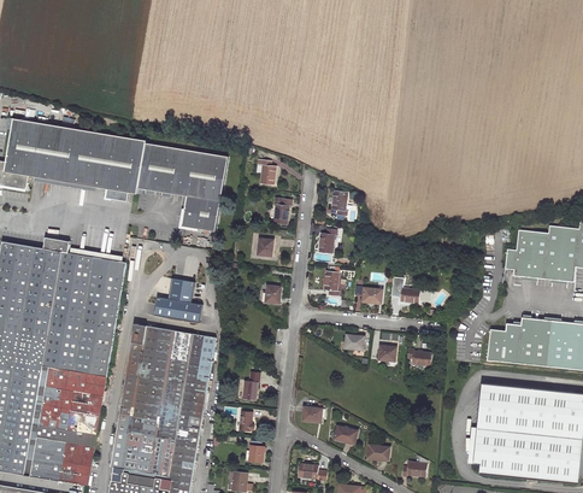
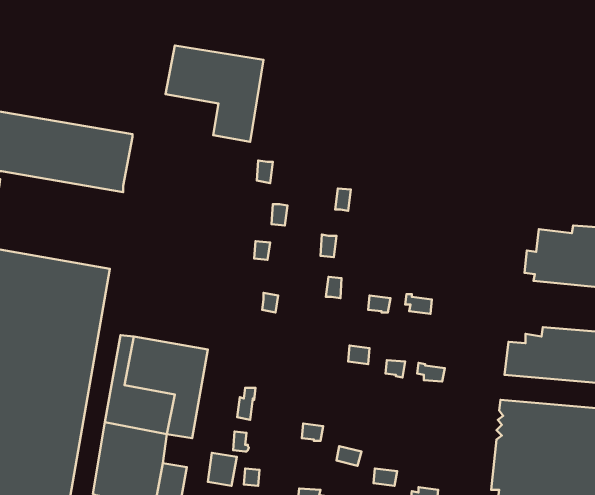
building: [139,143,228,231] -> [165,45,263,142]
building: [154,280,202,324] -> none
building: [175,415,201,445] -> [208,453,237,486]

